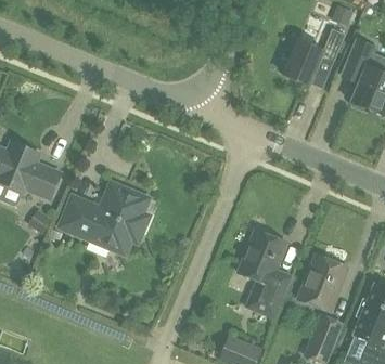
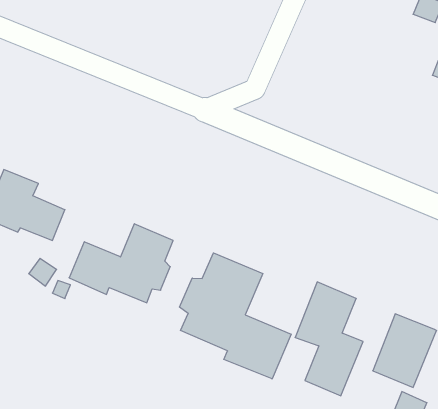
building: [284,29,344,83] -> none
building: none -> [180,253,291,379]

